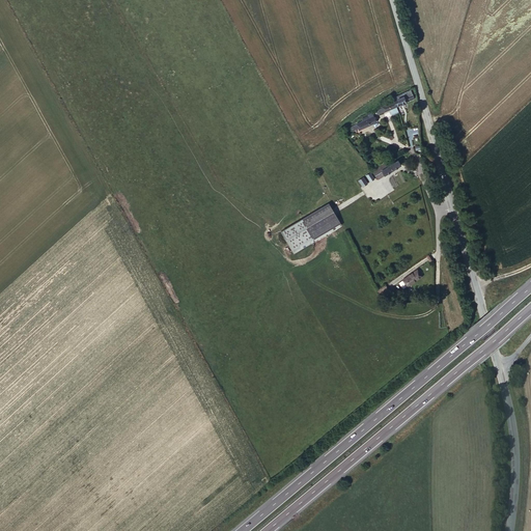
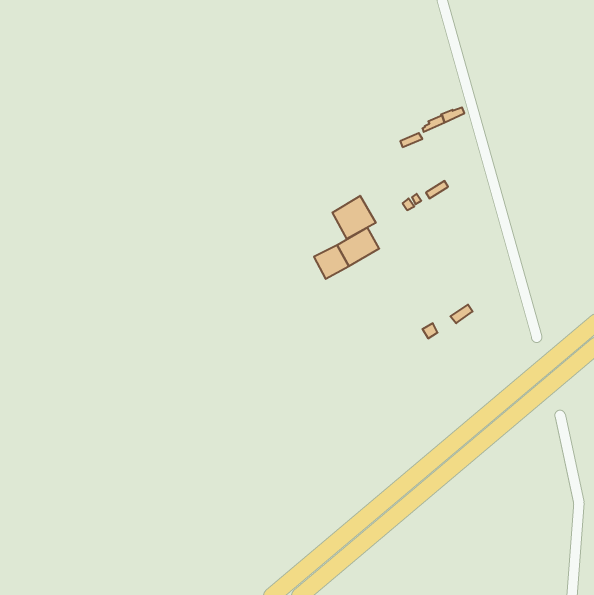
building: none -> [332,196,376,239]

